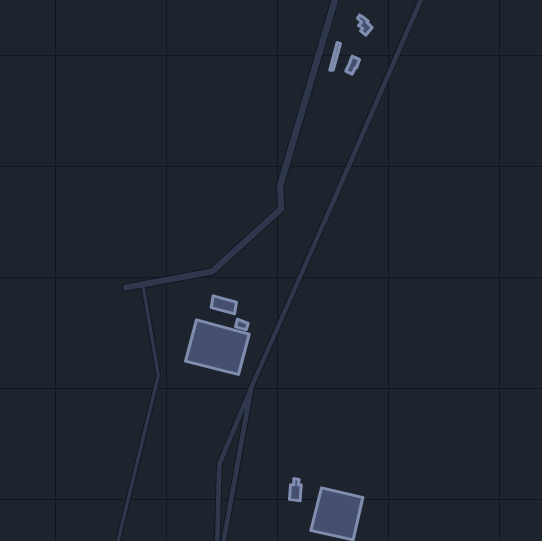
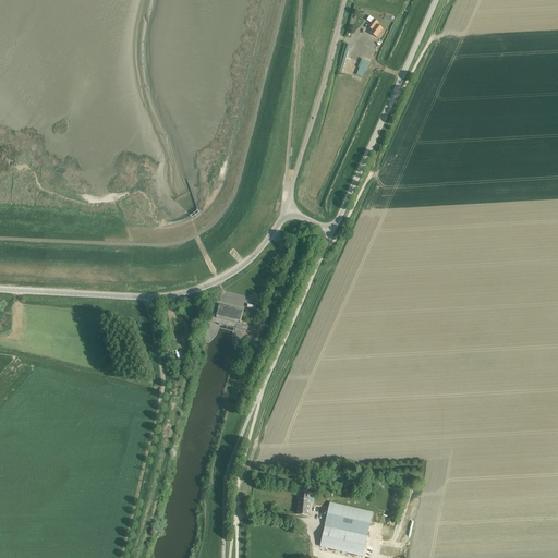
building: [185,320,249,375] -> none

